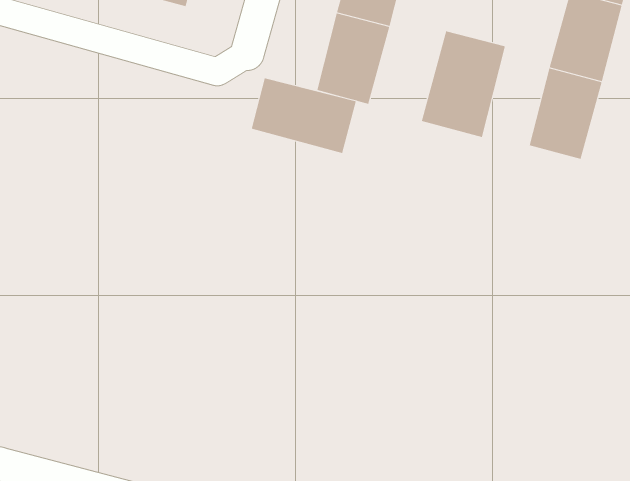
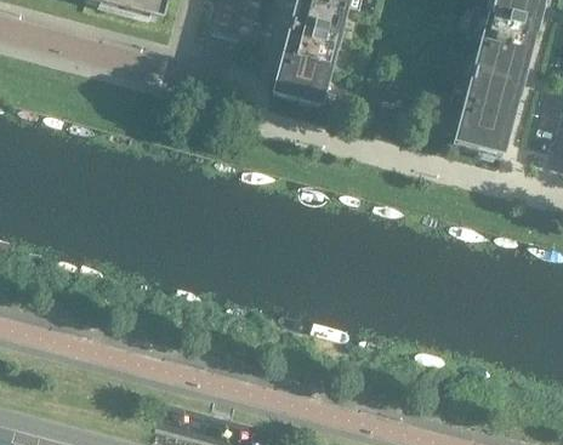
building: [421,31,506,138] -> none
building: [251,78,356,154] -> none

